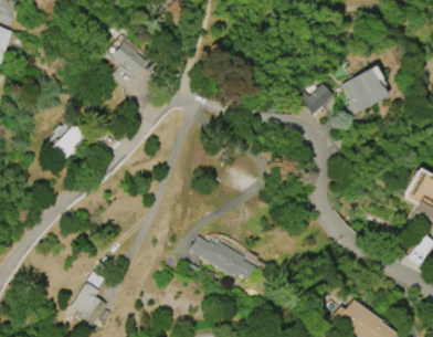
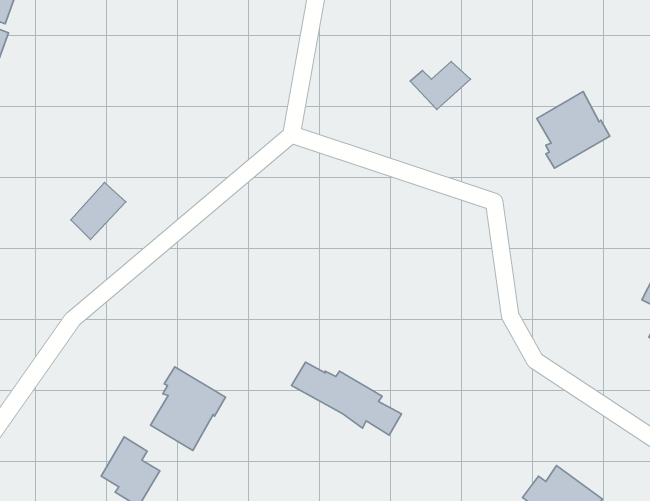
building: [112,38,147,75] -> none
building: [295,84,332,114] -> [410,61,471,110]
building: none -> [150,367,226,450]

